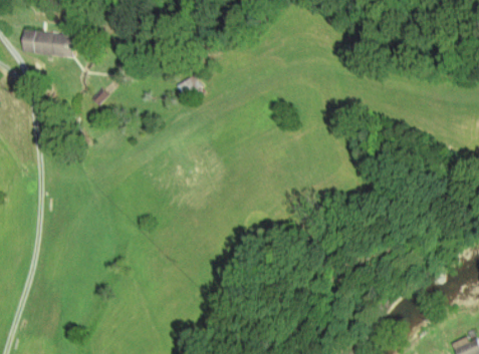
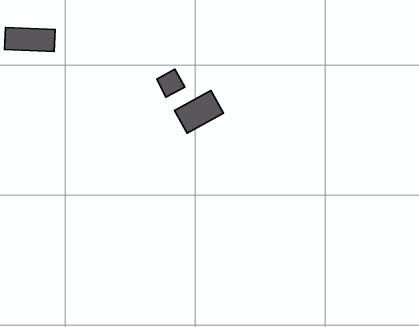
building: none -> [175,91,223,133]

